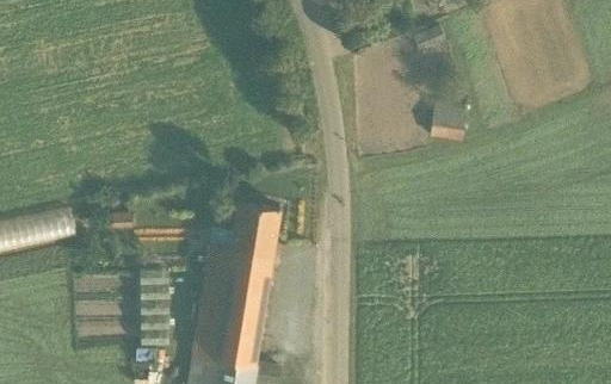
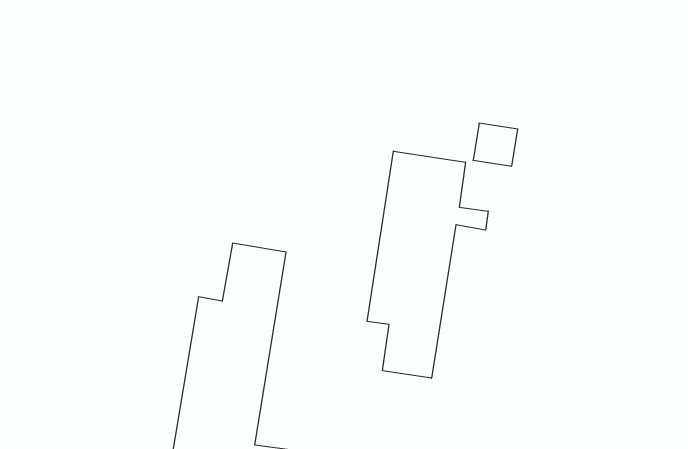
building: none -> [367,151,488,378]

